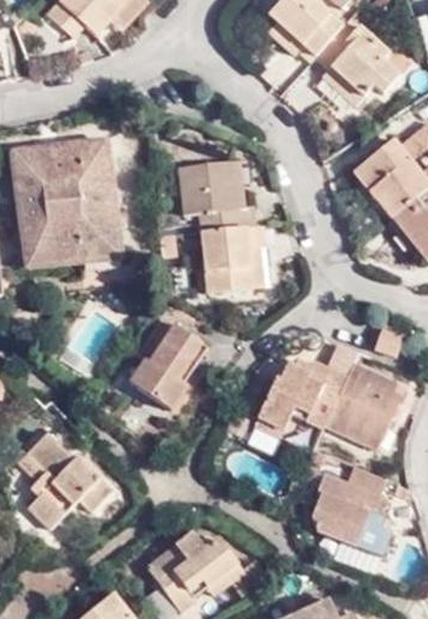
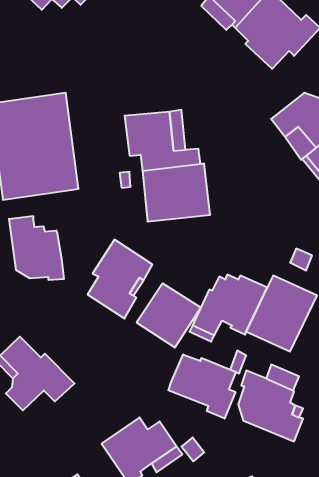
building: none -> [9,216,64,280]
building: none -> [137,283,201,348]
building: none -> [168,354,236,419]

